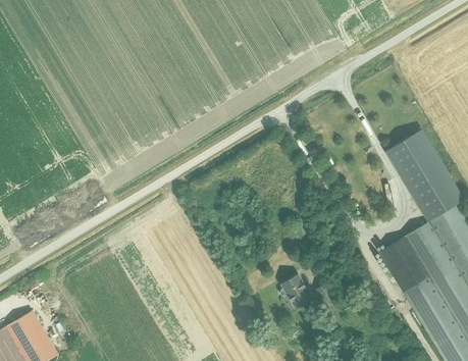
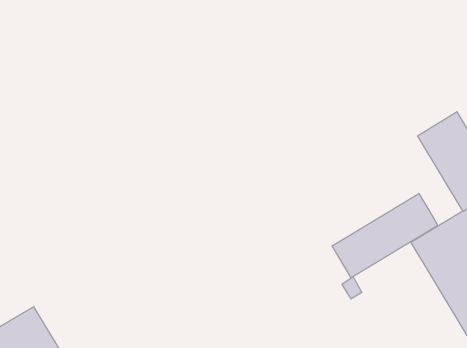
building: none -> [332,193,438,278]
building: [280,274,312,308] -> none

